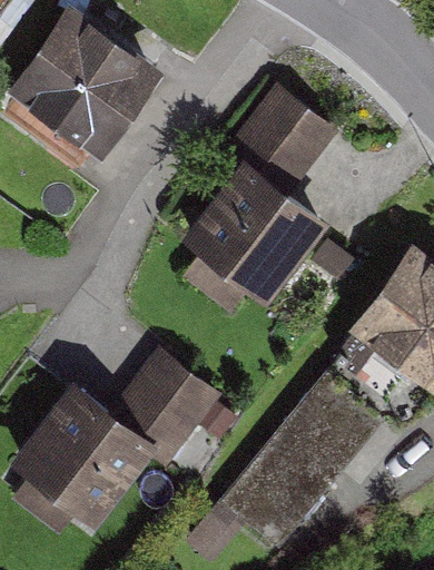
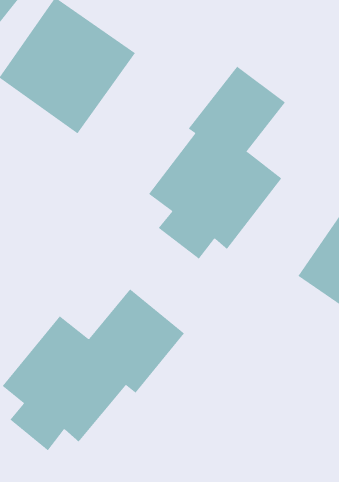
building: [189,377,381,559] -> none

